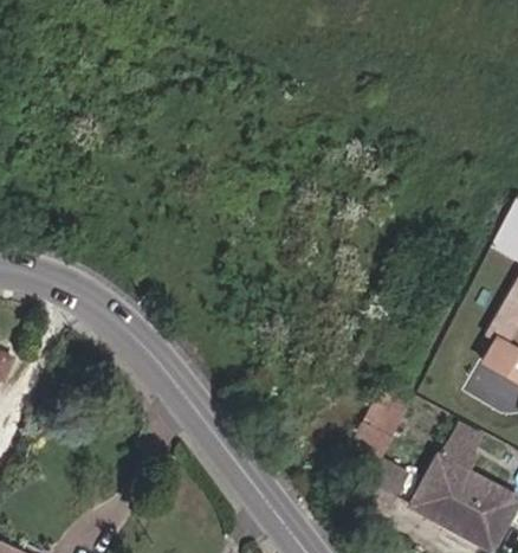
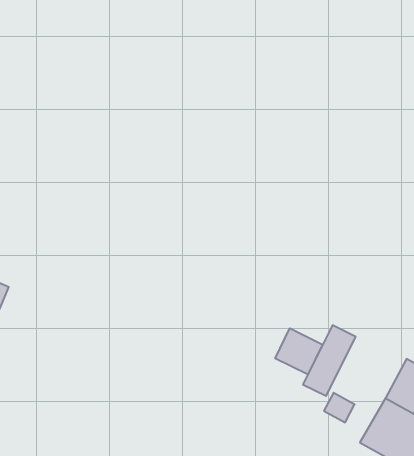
building: none -> [275,328,322,375]

